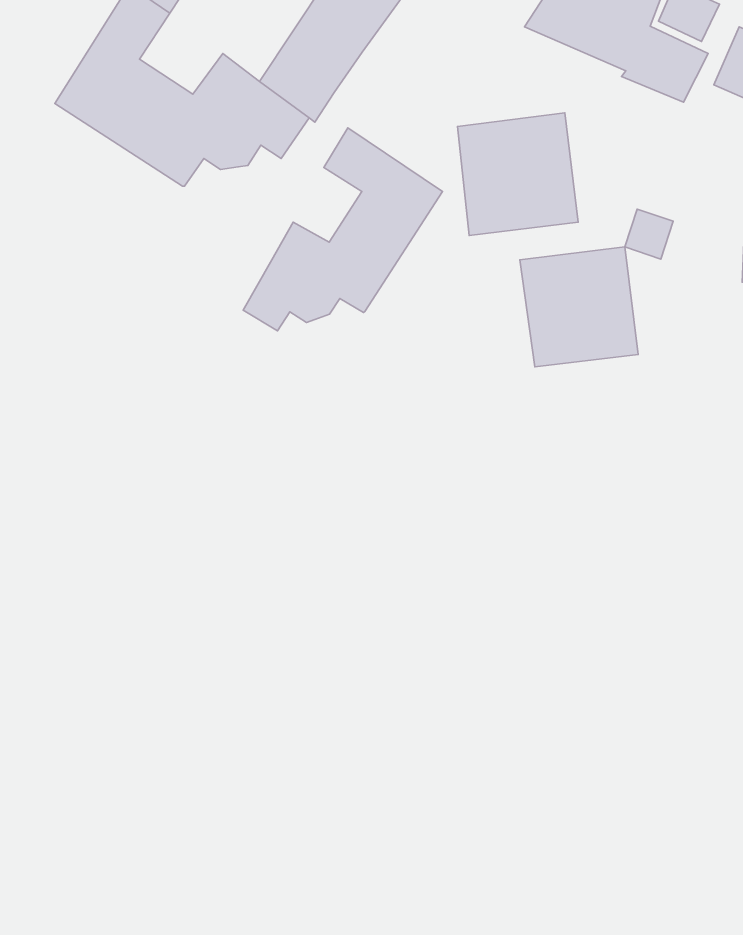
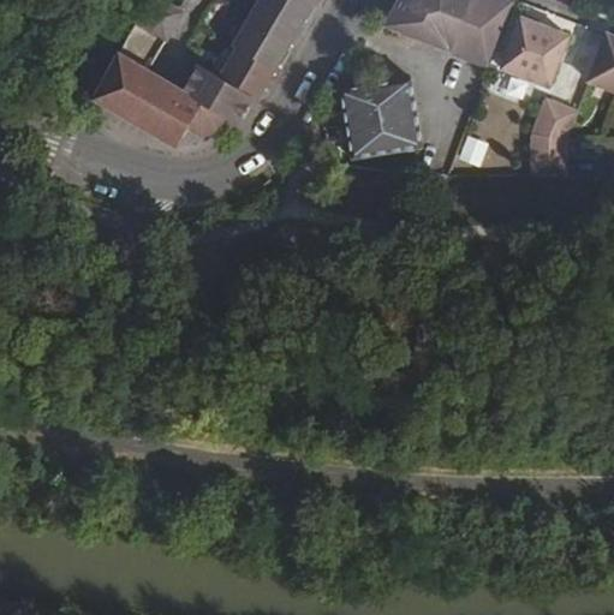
building: [243,128,443,331] -> none
building: [520,247,638,367] -> none

